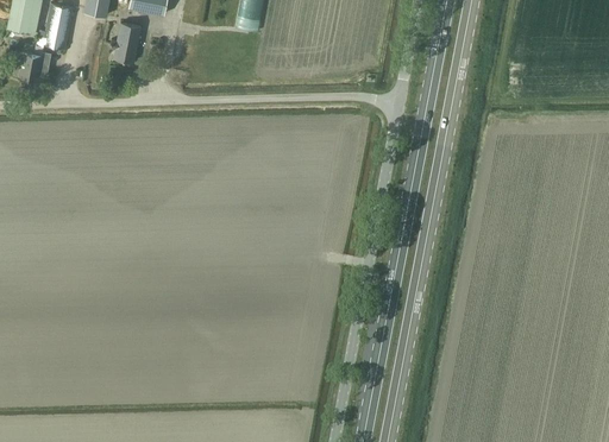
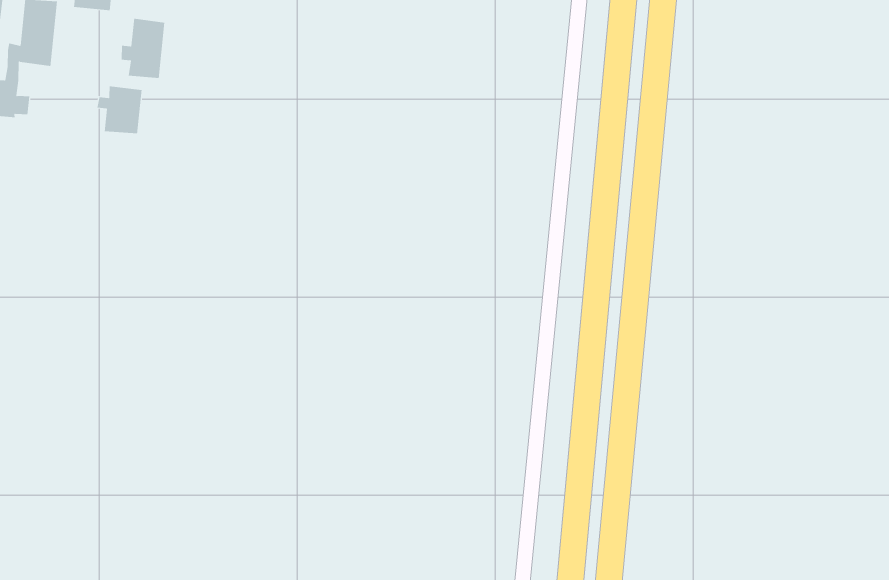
building: none -> [97,85,142,134]

